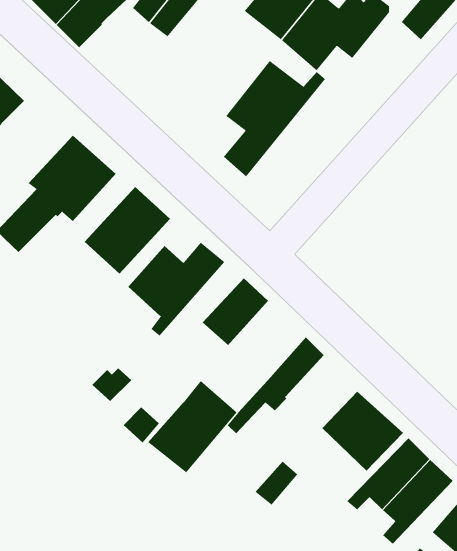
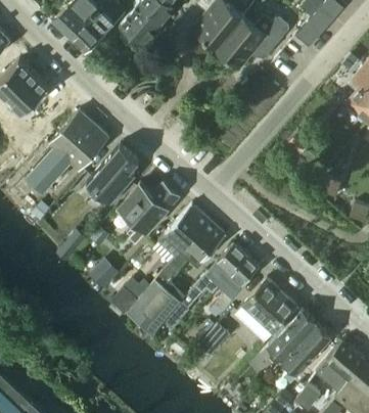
building: [223,60,326,177] -> none
building: none -> [170,221,226,272]
building: none -> [215,257,259,311]

